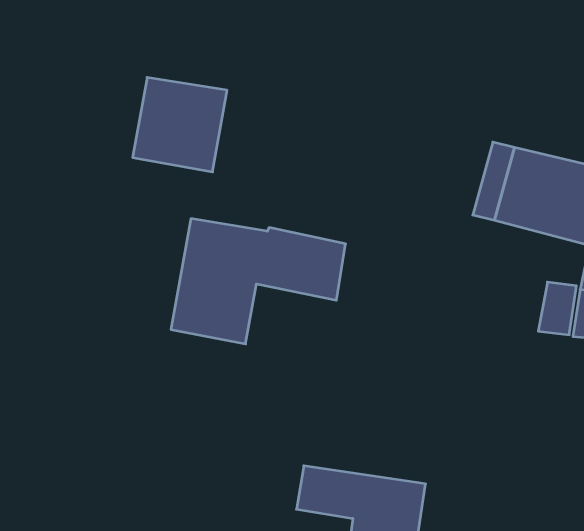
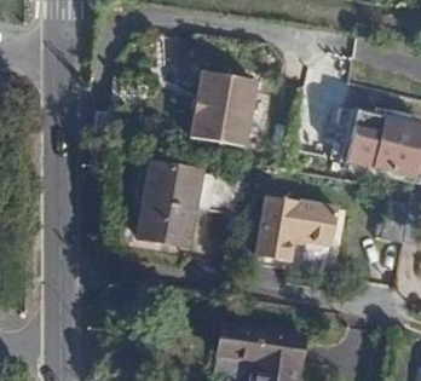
building: [133,77,227,172] -> [194,83,256,146]
building: none -> [254,196,339,261]

